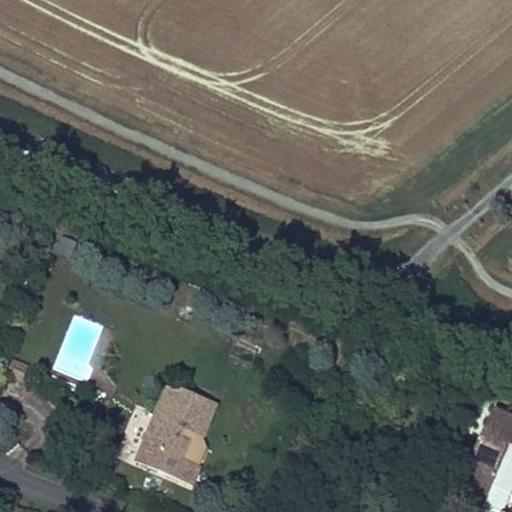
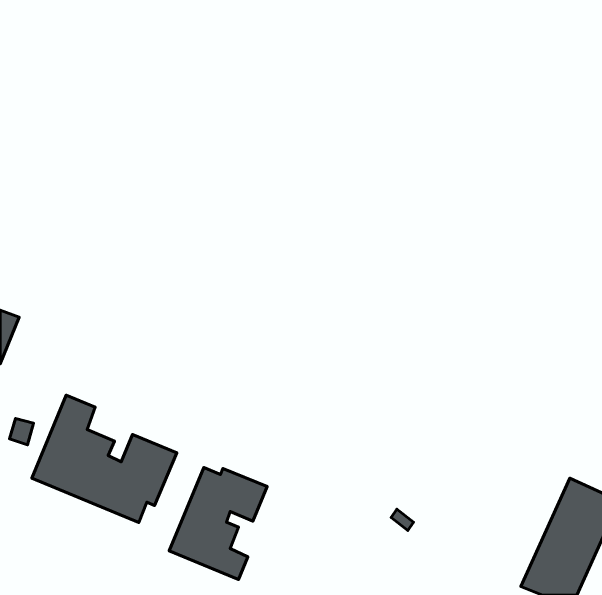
building: none -> [32,395,177,522]

